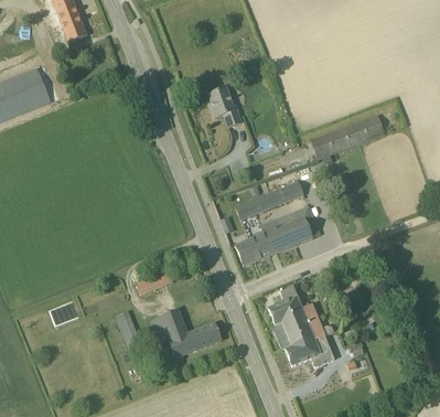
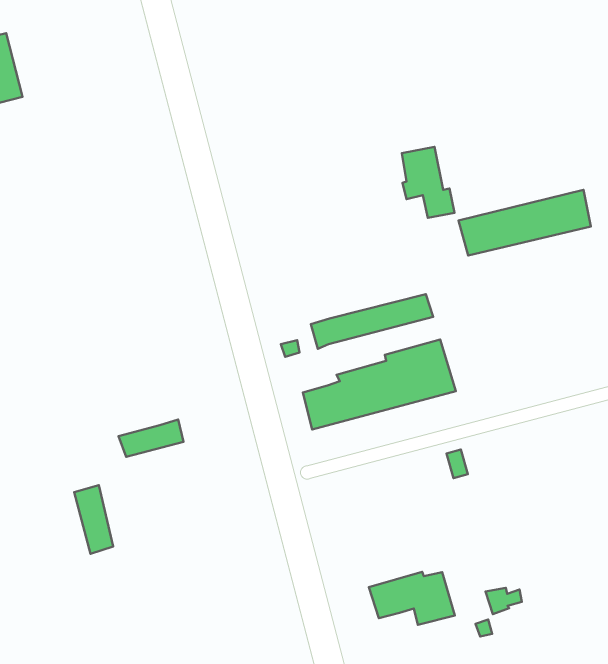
building: [208,87,242,127] -> [402,147,454,218]
building: [268,285,333,349] -> none
building: [160,309,221,356] -> none

